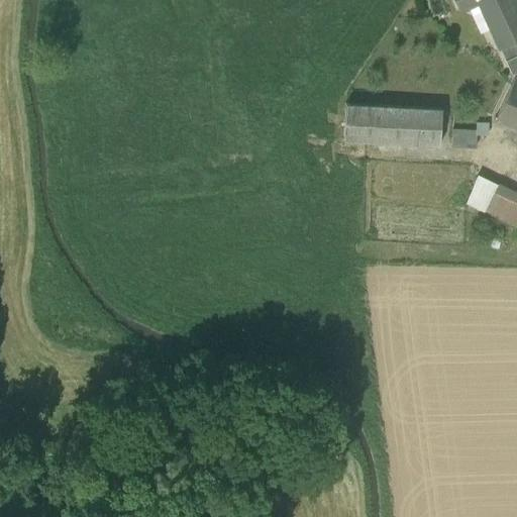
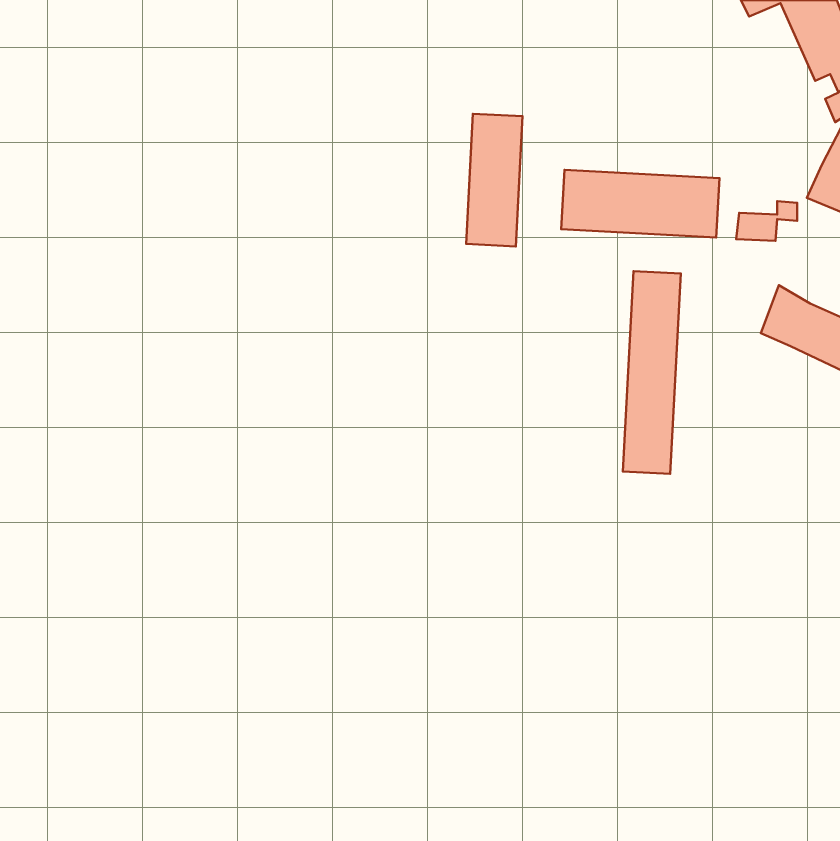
building: none -> [466,114,523,246]
building: none -> [623,271,681,474]

